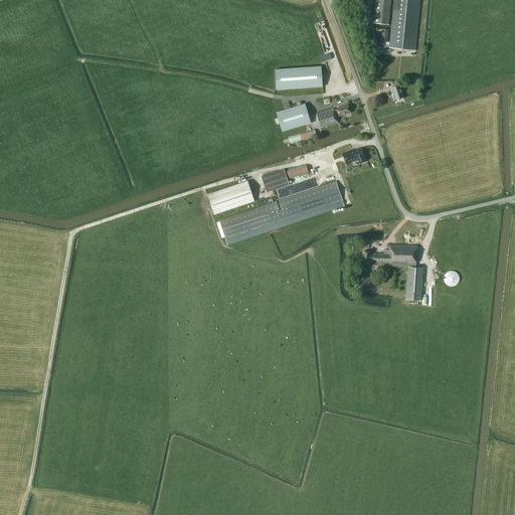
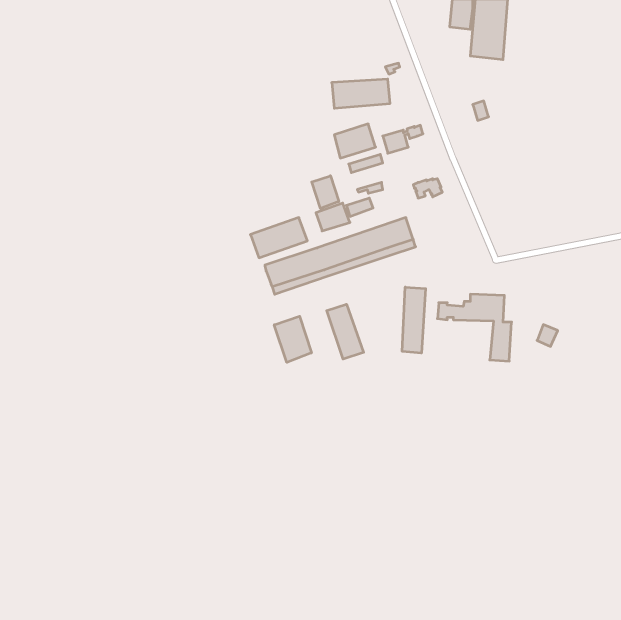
building: none -> [312,176,339,209]
building: none -> [402,287,426,353]
building: none -> [327,304,364,359]
building: none -> [274,316,311,362]

